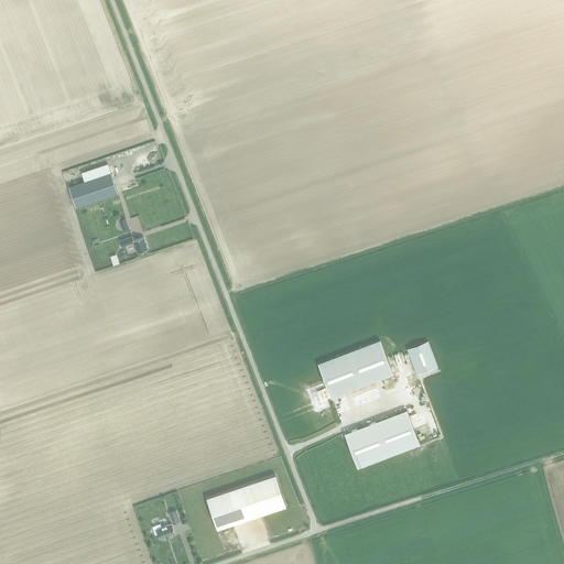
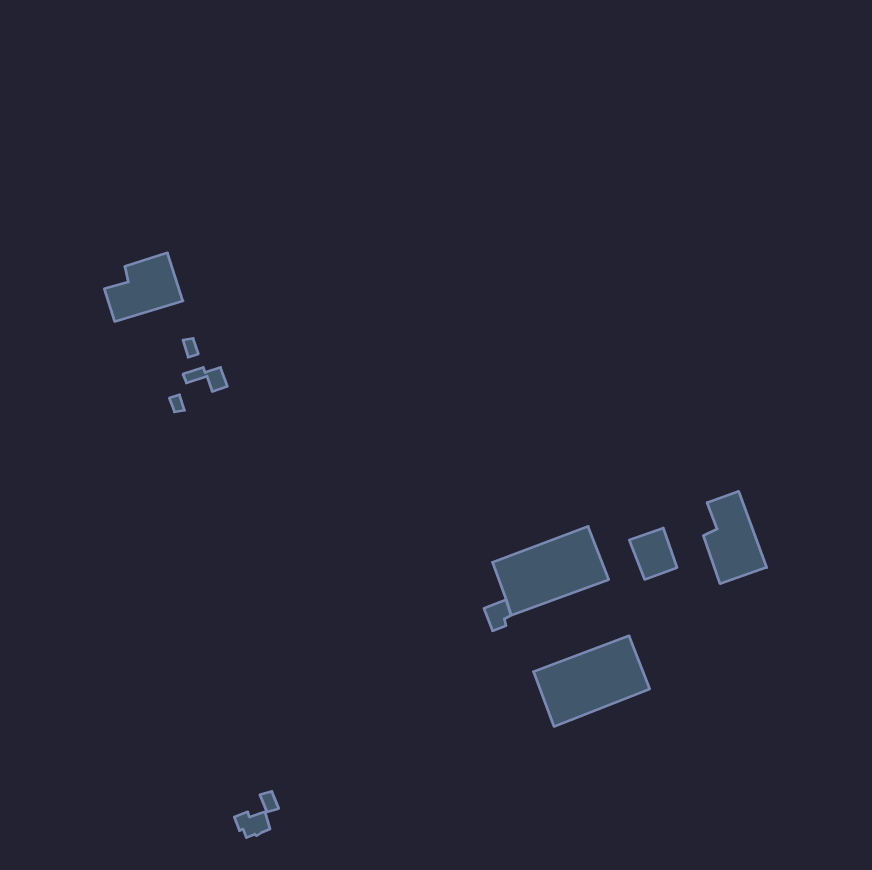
building: none -> [703,491,767,584]
building: [205,477,285,531] -> none

